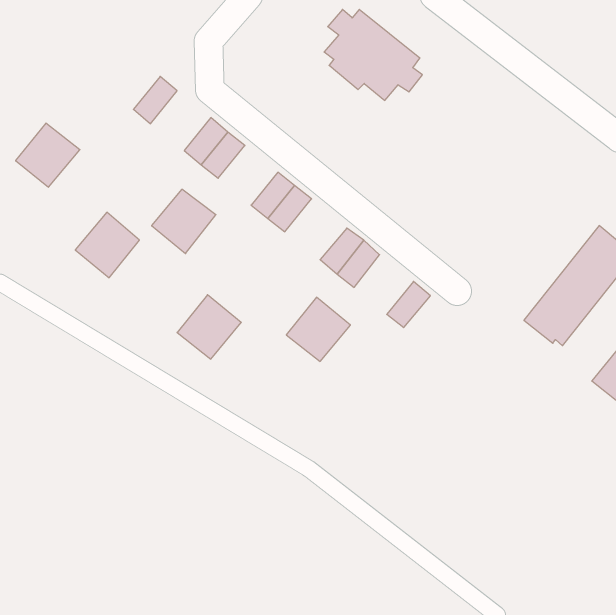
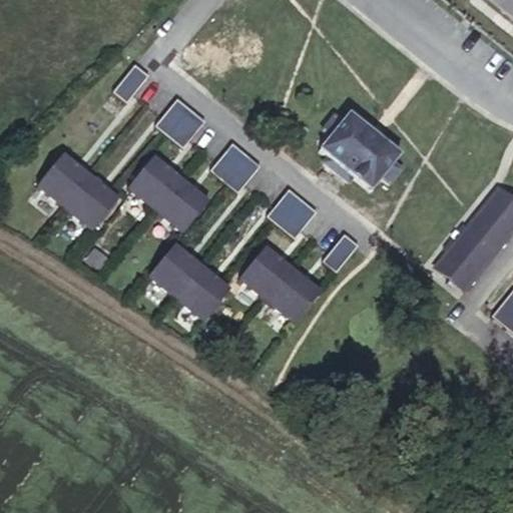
building: [324,9,422,100] -> [321,113,402,188]
building: [16,123,80,187] -> [38,153,91,206]
building: none -> [156,177,208,231]
building: none -> [177,267,230,320]
building: none -> [268,269,321,322]

